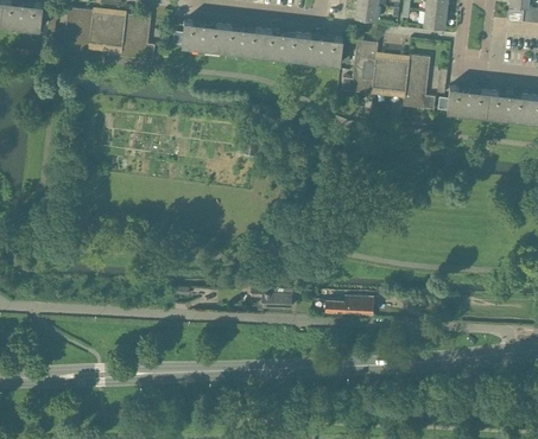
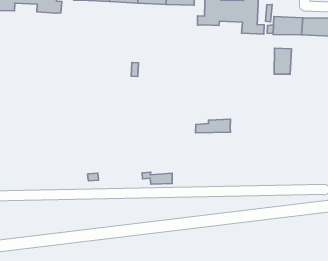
building: none -> [274,48,292,74]
building: [324,298,374,317] -> [196,119,231,133]

